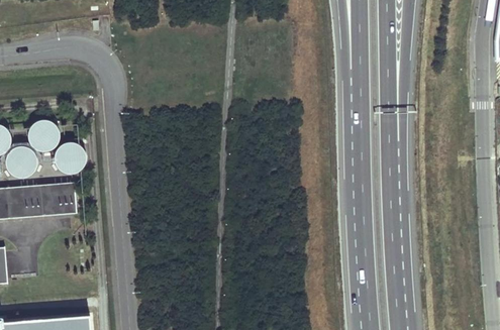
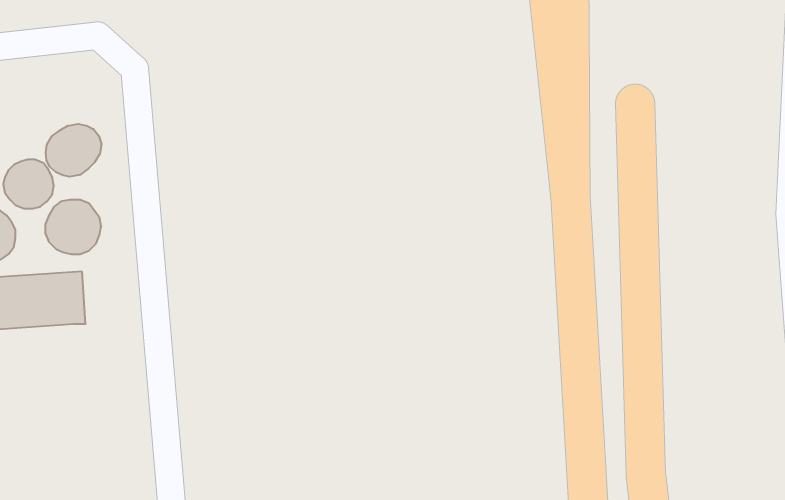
building: none -> [46,124,101,177]

